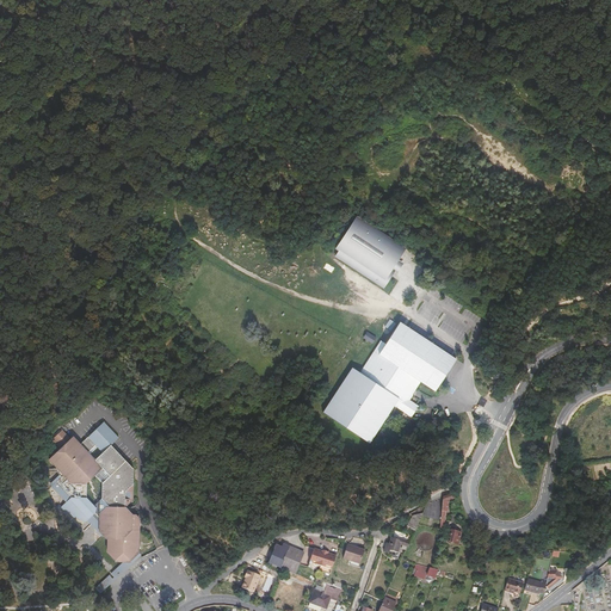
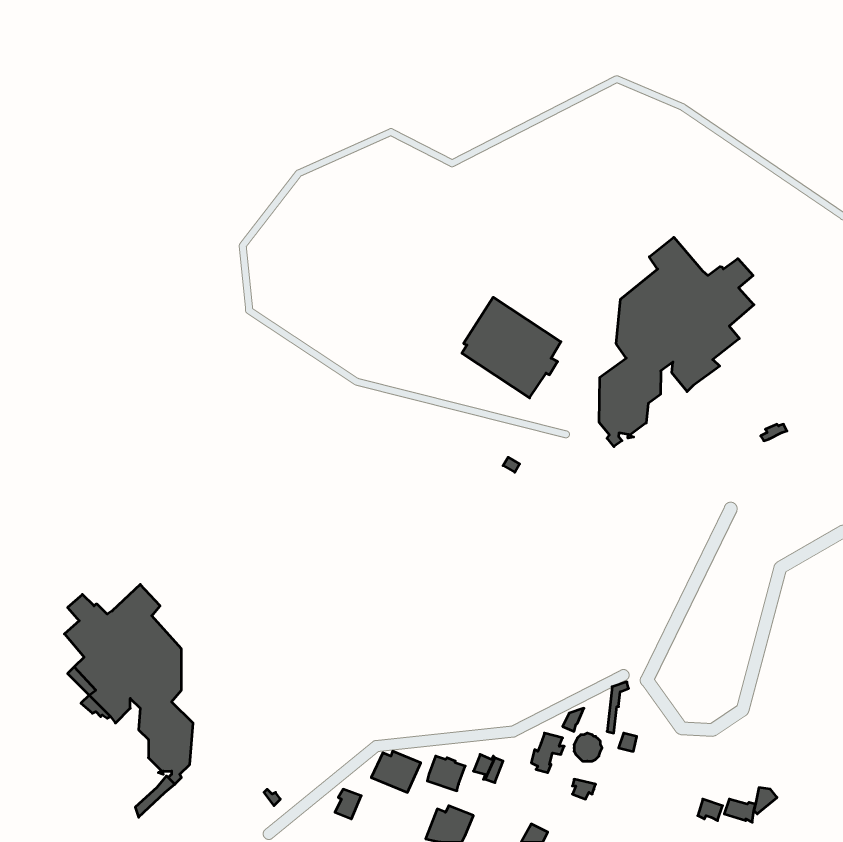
building: none -> [599,237,754,447]
building: [322,321,456,442] -> none

